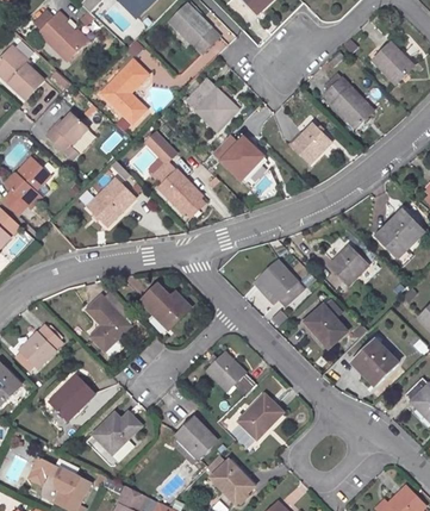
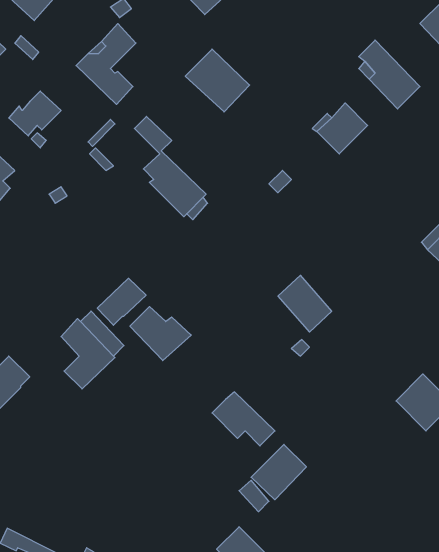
building: [222,137,263,180] -> none
building: [87,177,136,226] -> none
building: [324,237,368,285] -> none
building: none -> [97,278,146,325]
building: [305,305,347,348] -> none
building: [49,374,95,420] -> none
building: [93,411,135,454] -> none
building: [176,417,217,457] -> none

